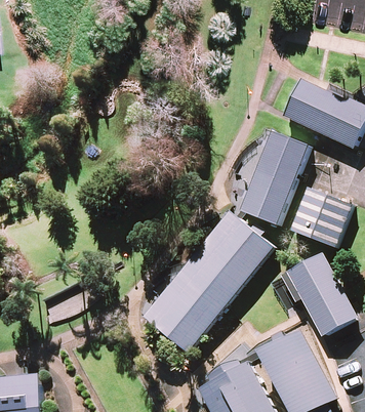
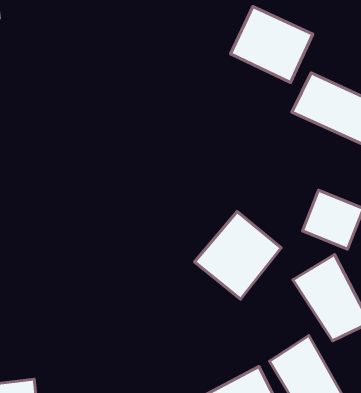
building: none -> [230,6,313,82]
building: [244,132,309,224] -> none
building: [143,258,234,352] -> none

